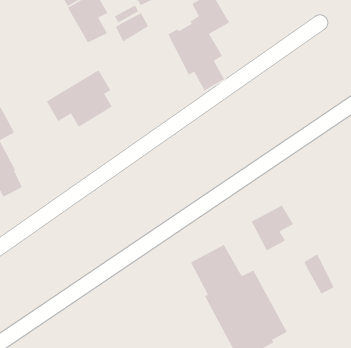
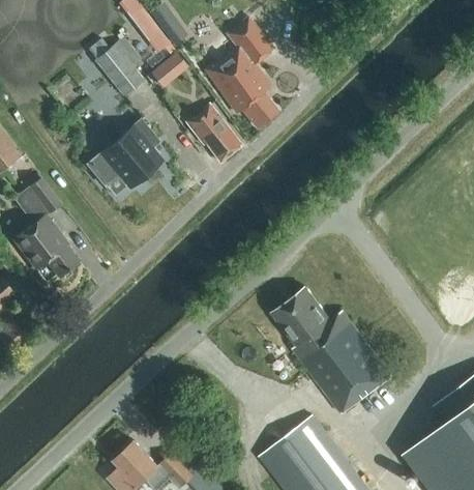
building: none -> [184,104,239,161]
building: [250,204,294,252] -> none
building: [303,253,335,295] -> none

